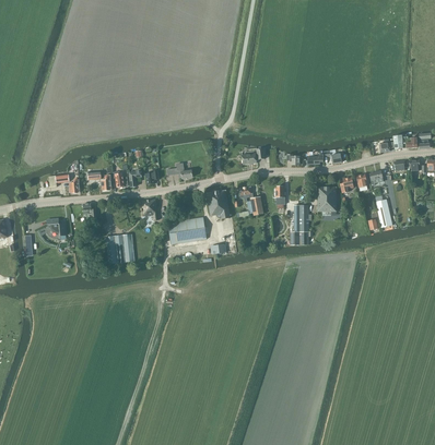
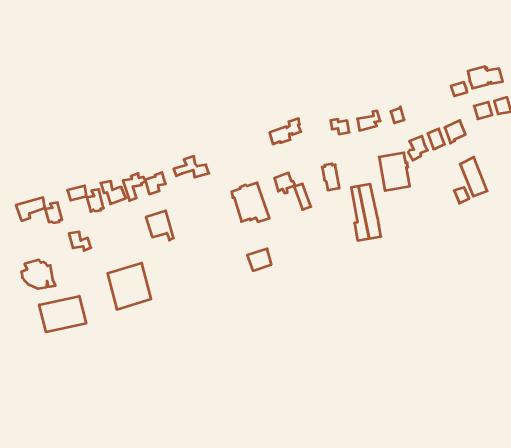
building: [168,217,207,244] -> none
building: none -> [39,296,86,332]

